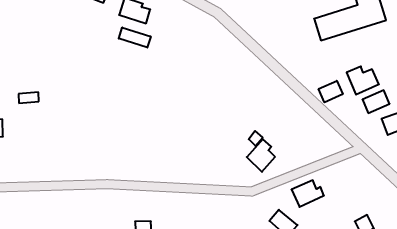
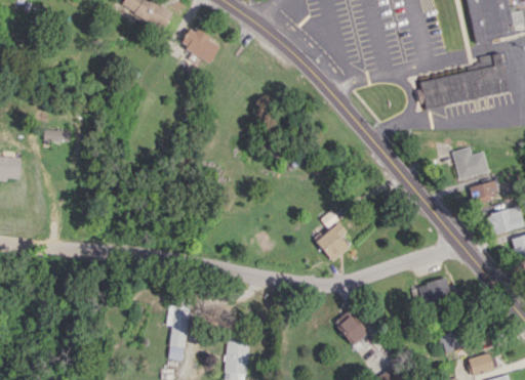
building: [119,27,151,48] -> none
building: [319,81,343,102] -> none
building: [291,180,324,207] -> [417,278,456,308]

